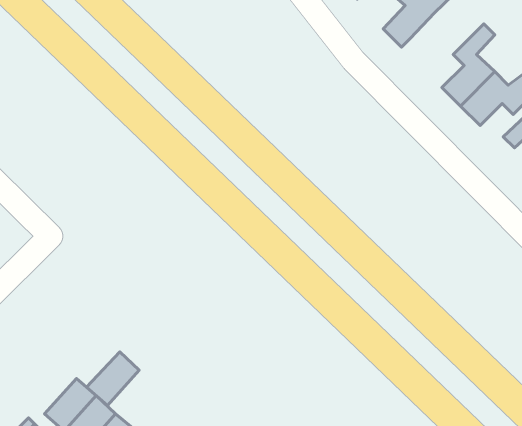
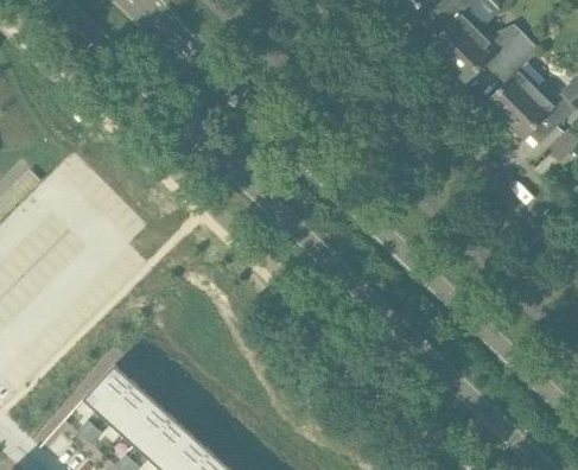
building: none -> [449,25,528,82]
building: [87,352,139,406] -> [83,366,134,418]

